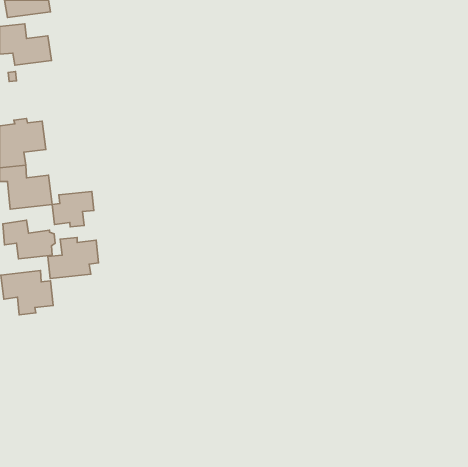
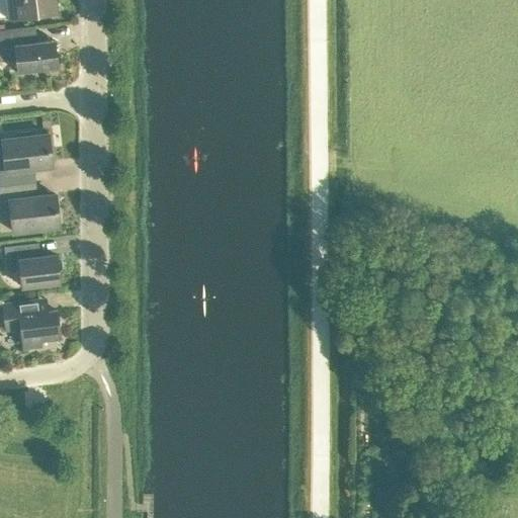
building: [52,191,94,227] -> none
building: [48,237,99,279] -> none

